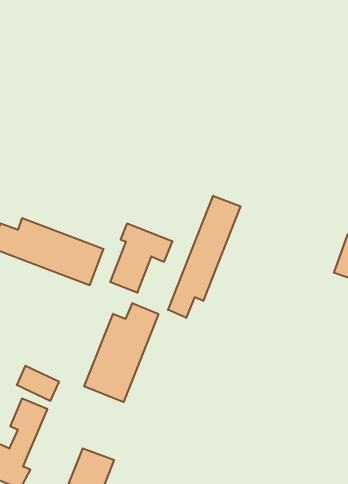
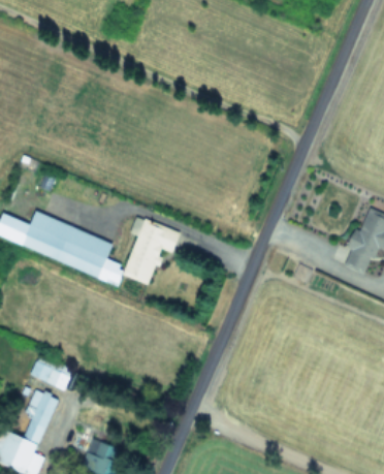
building: [168,196,241,318] -> none
building: [84,303,158,402] -> none

